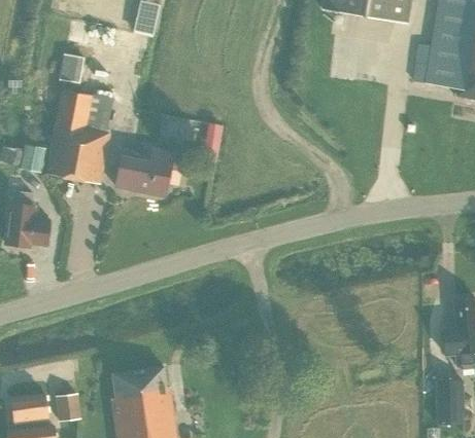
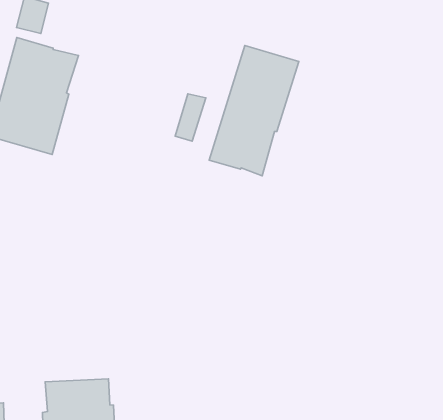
building: none -> [209,45,299,176]
building: [115,148,179,196] -> none

